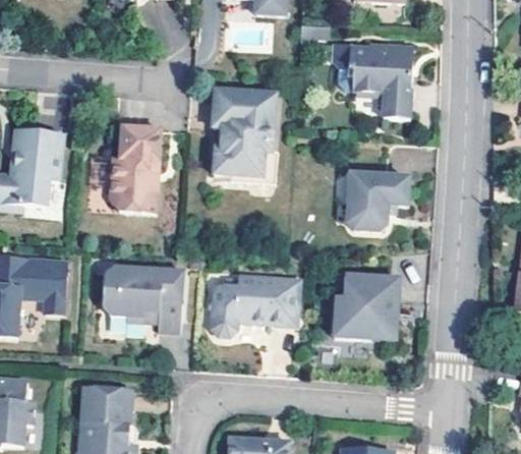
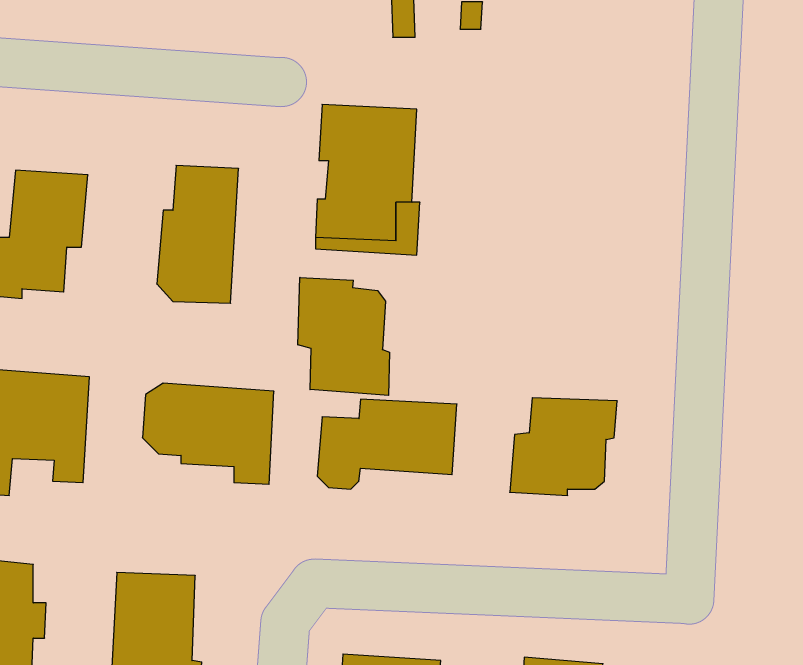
building: [330,39,412,114] -> none
building: [344,172,408,229] -> none
building: none -> [298,277,390,395]

